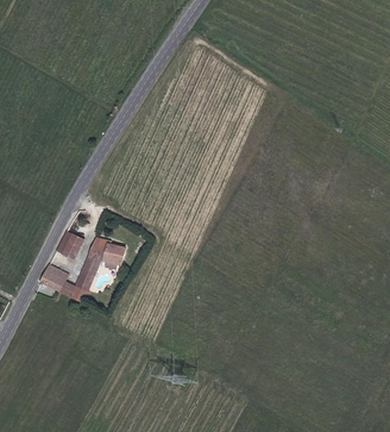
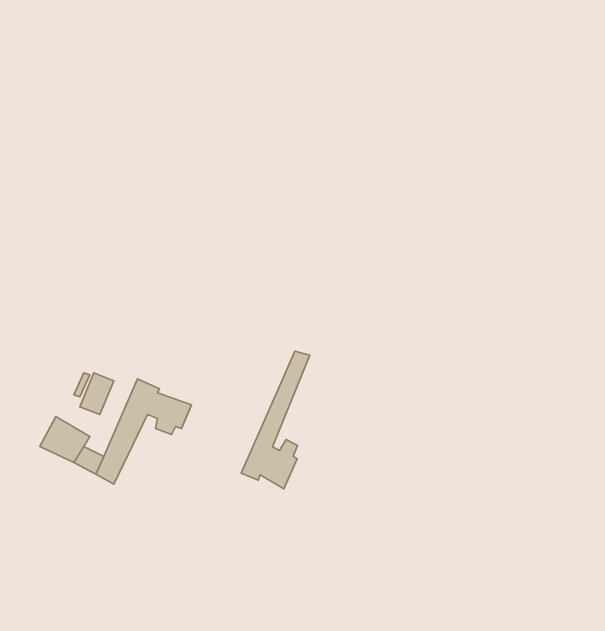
building: none -> [241,351,310,489]

